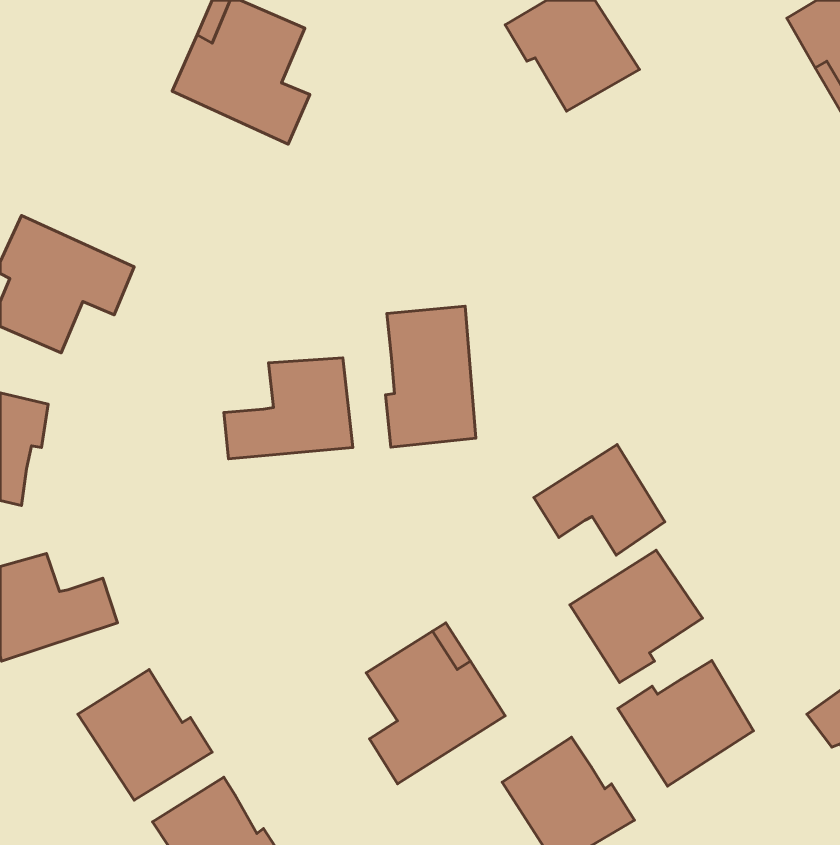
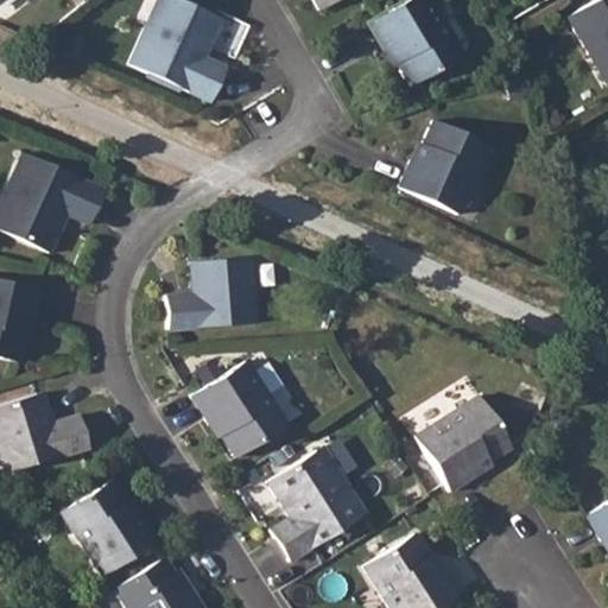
building: none -> [398,118,486,211]
building: [386,306,476,447] -> none
building: [534,444,665,555] -> none
building: none -> [189,362,285,458]
building: [618,660,754,786] -> none

